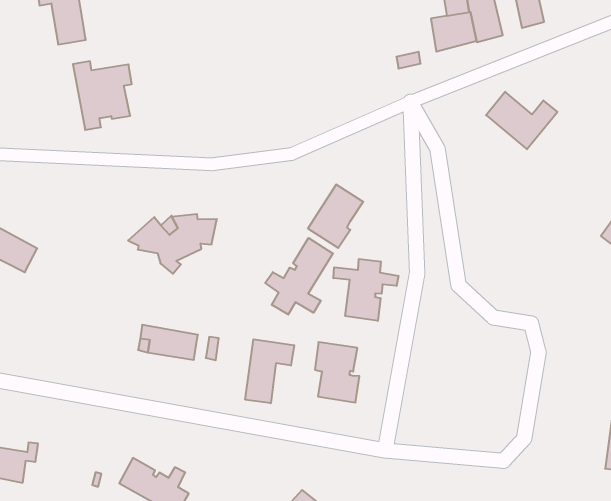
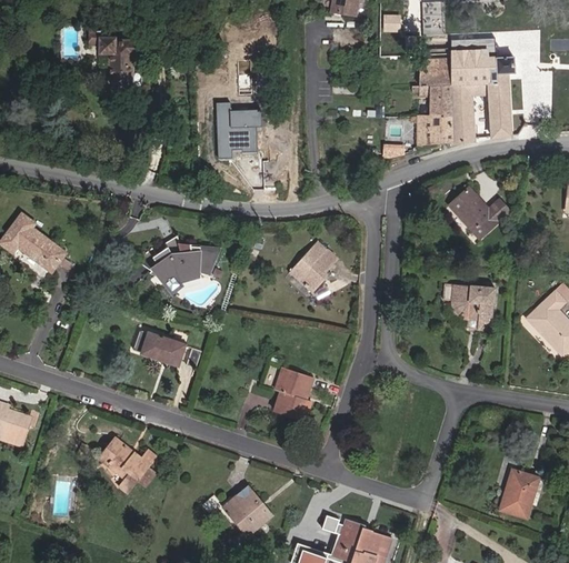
building: [73,61,132,130] -> [219,103,264,159]
building: none -> [442,283,495,330]
building: [265,238,333,315] -> none
building: [333,259,398,321] -> none
building: [245,339,294,403] -> none

